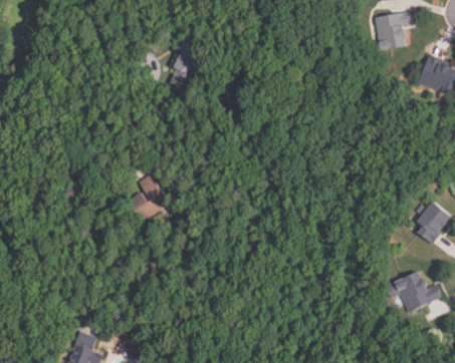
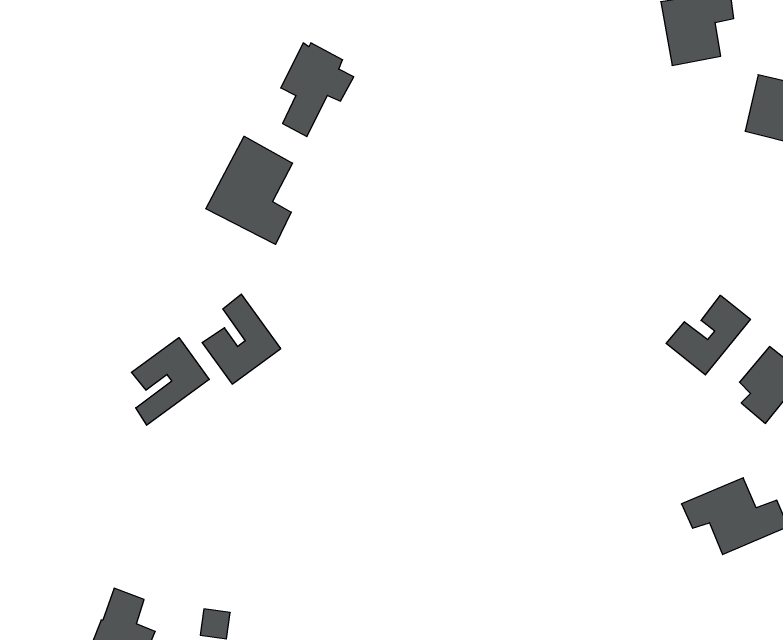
building: none -> [206,136,293,244]
building: none -> [666,295,750,375]
building: none -> [131,338,209,425]

